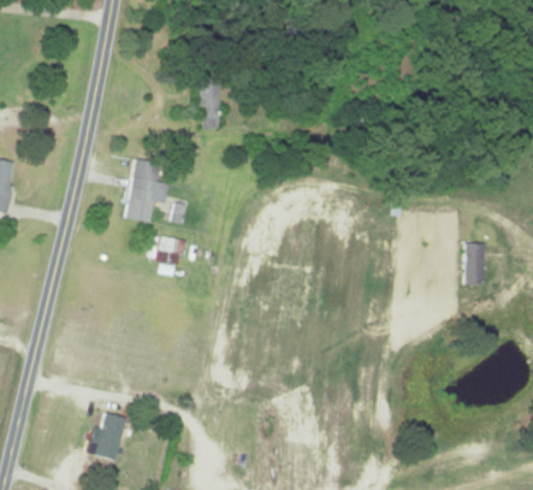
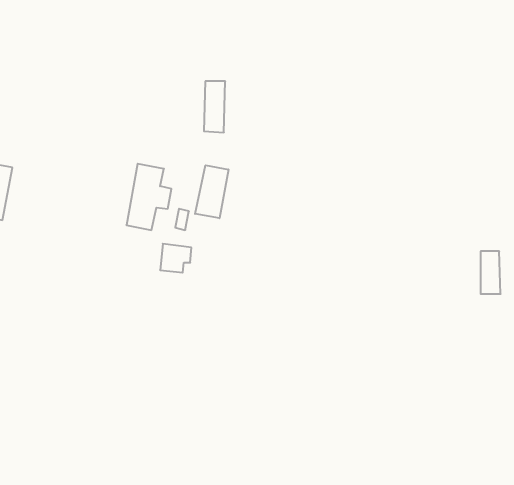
building: none -> [195,165,228,218]
building: [95,412,125,459] -> none

